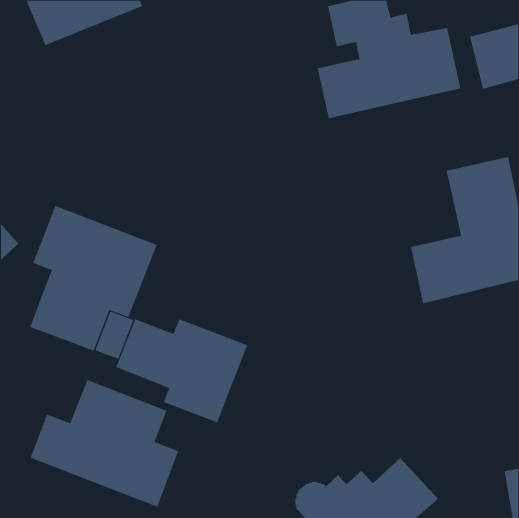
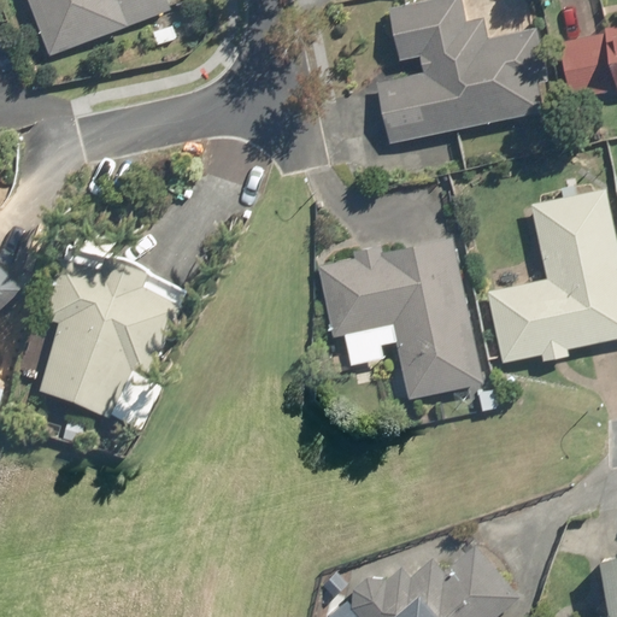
building: none -> [318,240,480,394]
building: [116,318,248,423] -> none
building: [30,379,179,507] -> none

